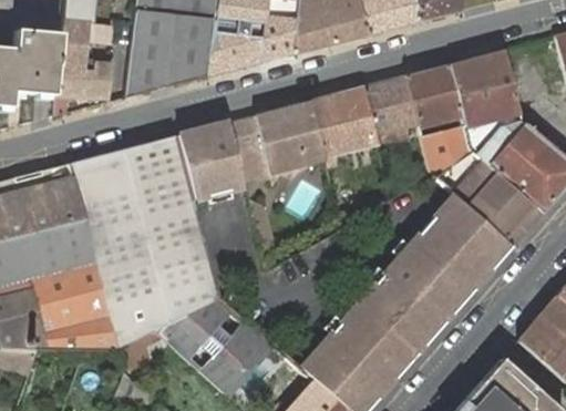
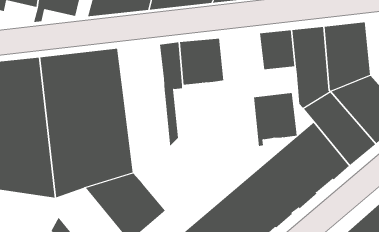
building: [309,86,377,166] -> [253,92,297,146]
building: [173,122,245,201] -> none

